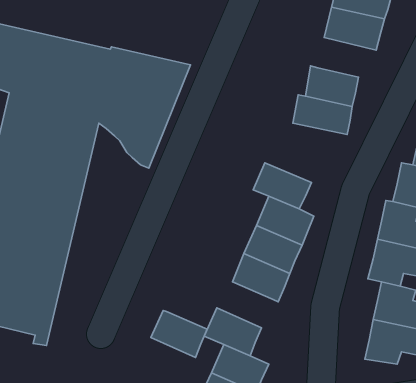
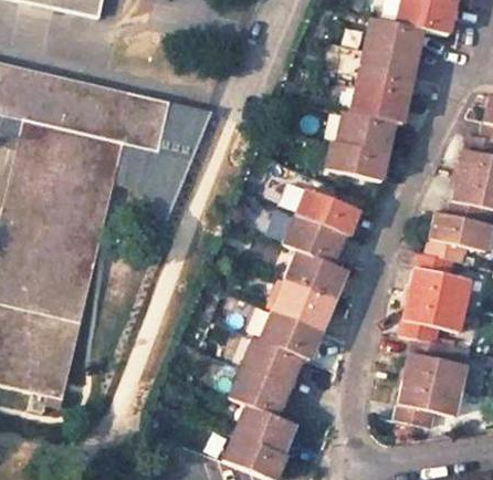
building: none -> [347,80,409,124]
building: none -> [291,186,355,234]
building: [151,310,207,357] -> [240,337,300,387]

